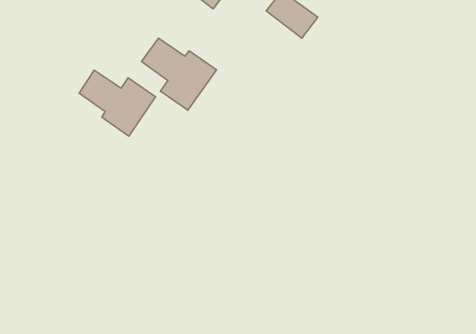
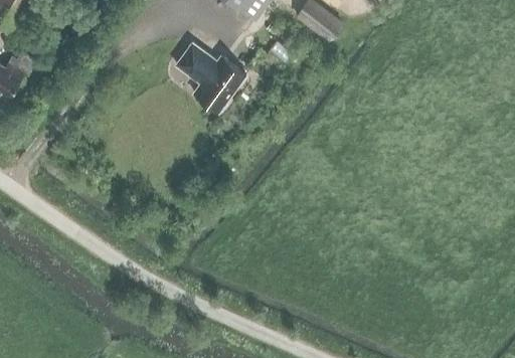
building: [79,70,155,136] -> none

